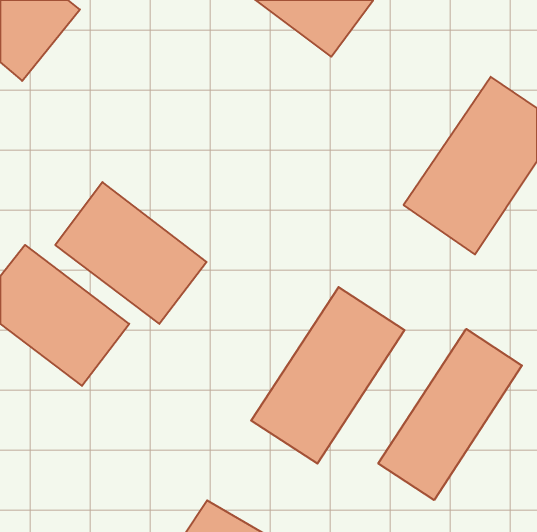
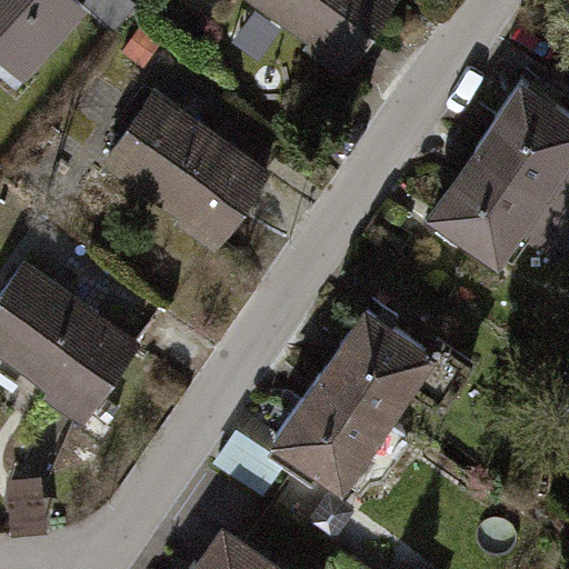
building: [55,182,207,324] -> [107,91,267,241]
building: [378,329,522,500] -> none

